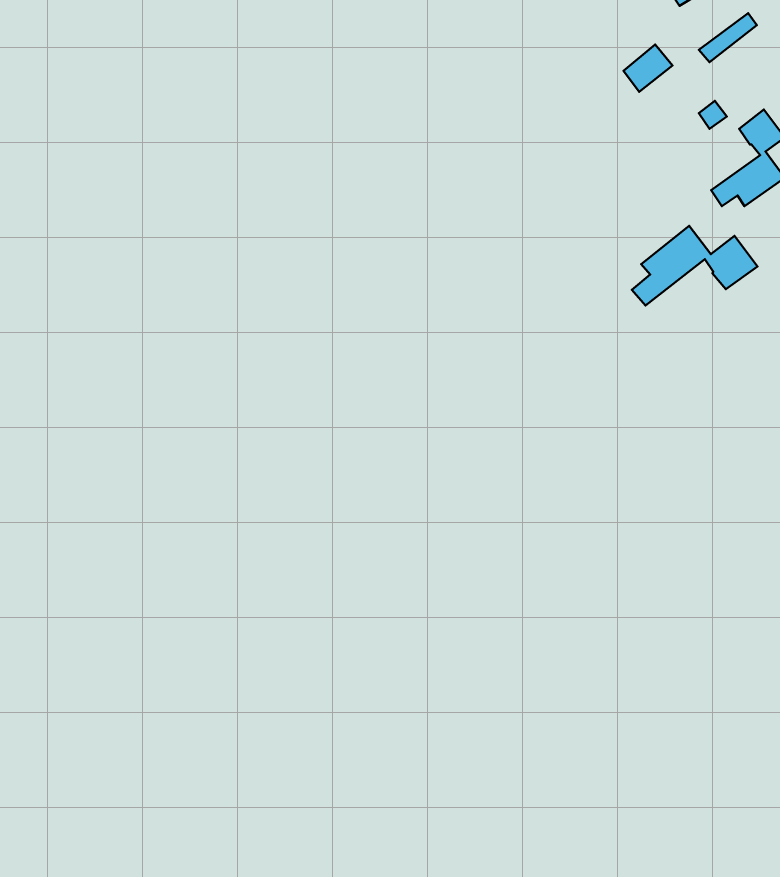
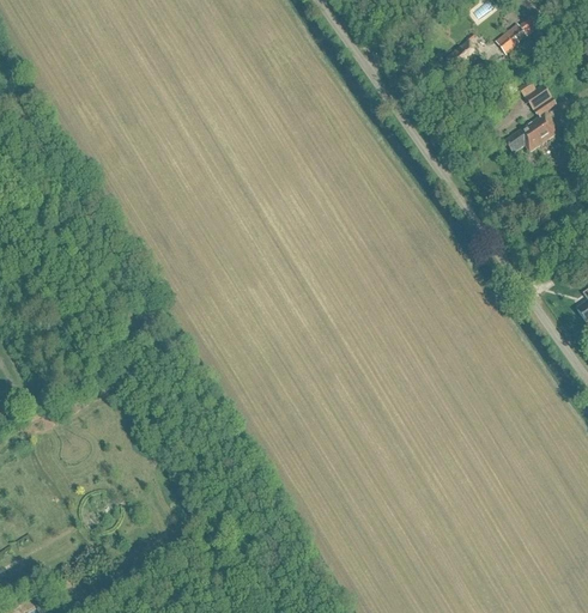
building: [632,226,757,306] -> none

